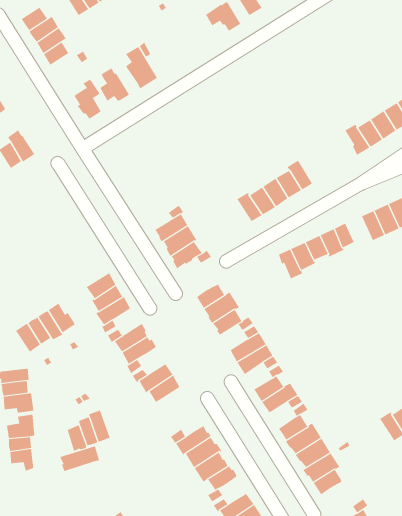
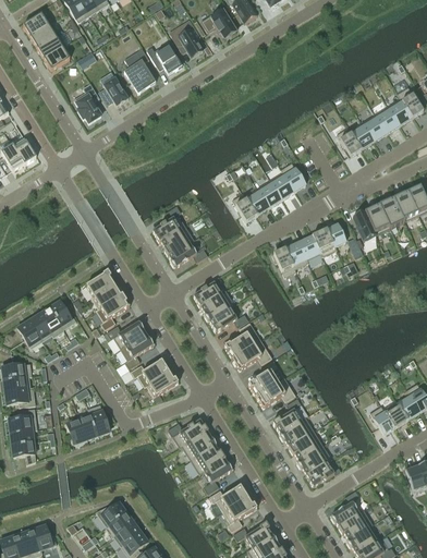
building: none -> [170,20,203,57]
building: none -> [147,41,183,74]
building: [59,445,101,472] -> none

